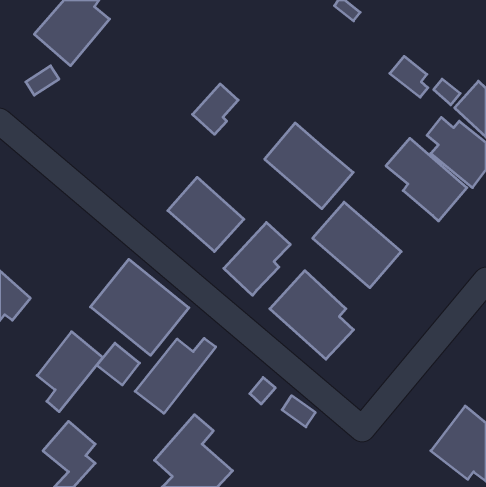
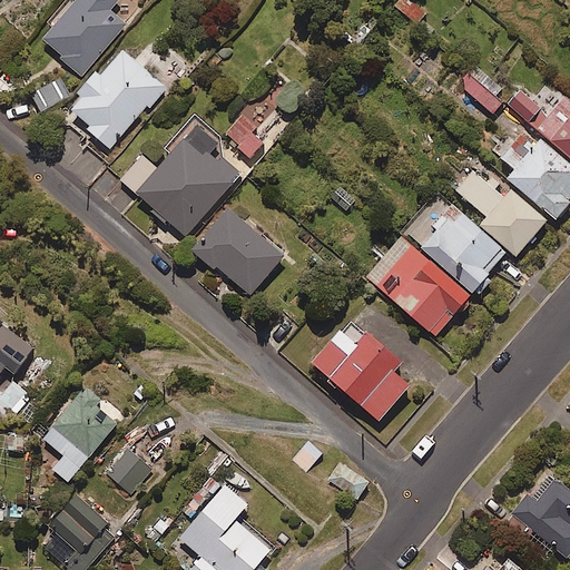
building: none -> [69,49,165,147]
building: none -> [121,115,240,237]
building: [265,123,353,209] -> [402,194,505,294]
building: [224,222,290,295] -> none
building: [90,259,189,355] -> none
building: [135,338,216,413] -> none
building: [97,343,140,385] -> [106,448,156,497]

